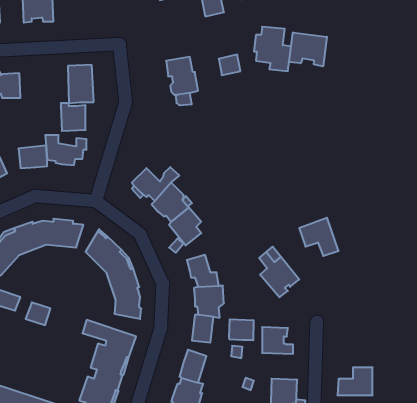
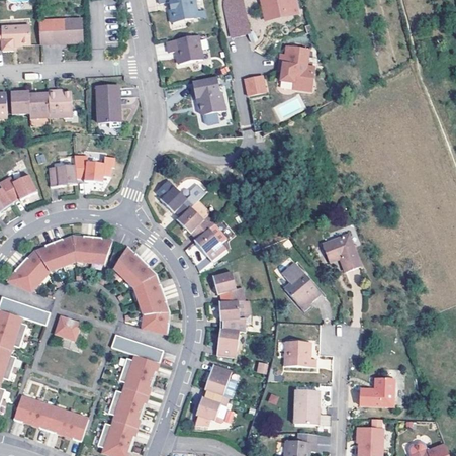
building: none -> [166,33,203,64]
building: [289,32,327,66] -> none
building: [61,103,86,131] -> [49,89,73,116]
building: [229,319,253,340] -> none

